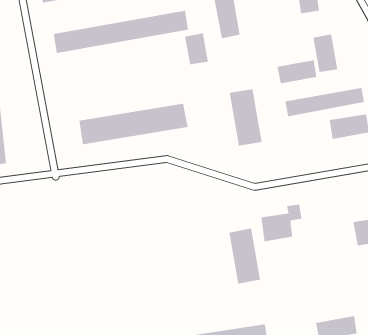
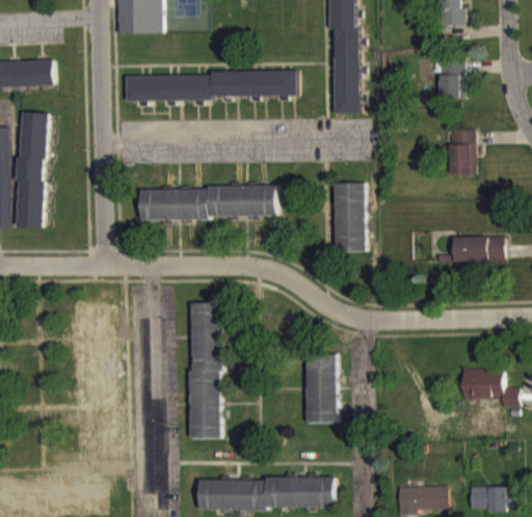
building: [185,33,208,65] -> none
building: [277,59,317,84] -> none
building: [285,87,365,117] -> none
building: none -> [190,302,222,439]
building: [261,204,302,242] -> none

